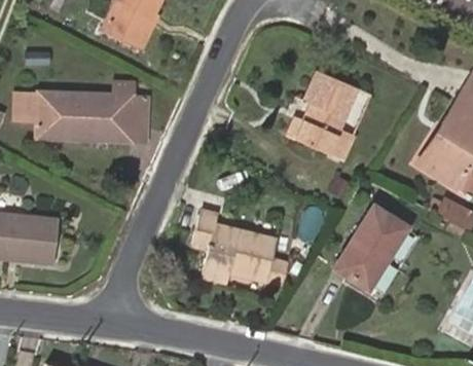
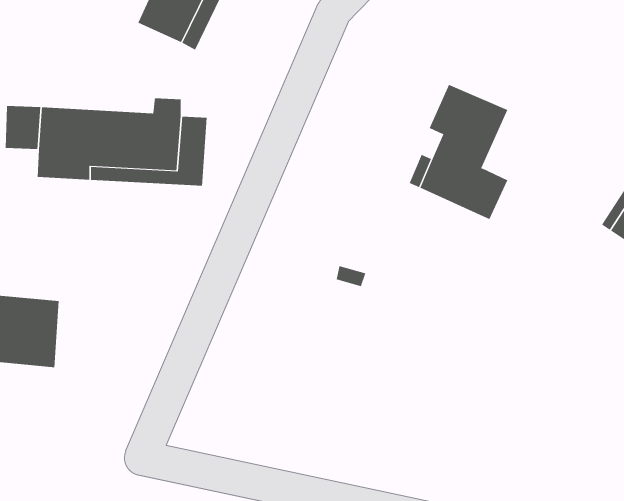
building: [196,211,283,279] -> none
building: [339,212,409,293] -> none

